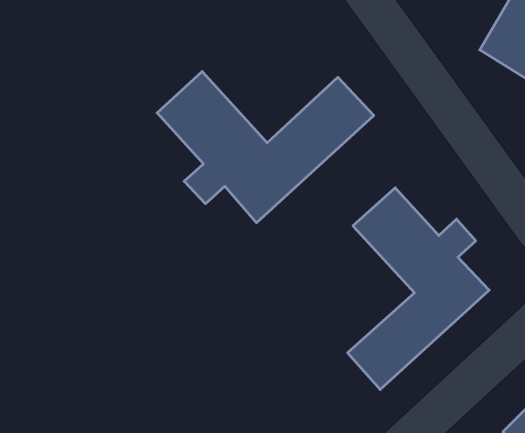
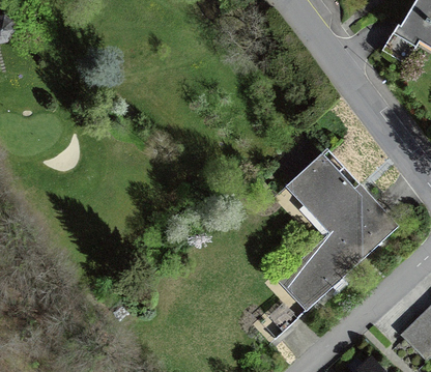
building: [157,71,374,223] -> none

